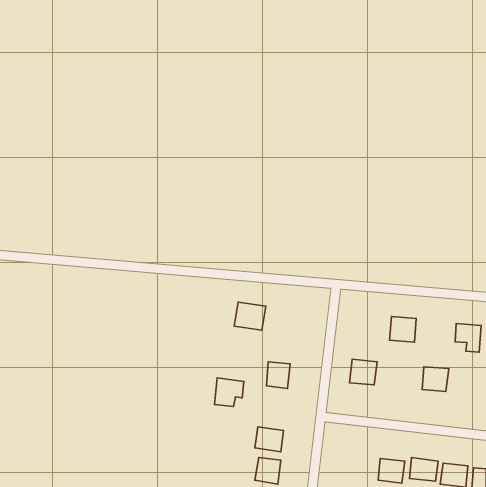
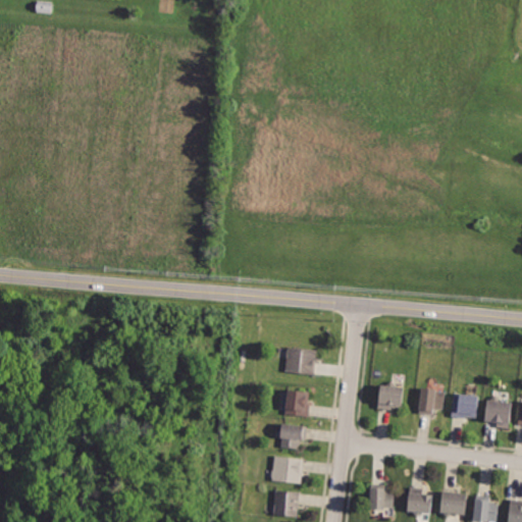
building: [234,302,266,330] -> [284,347,318,376]
building: [390,316,416,342] -> [416,386,445,414]
building: [455,324,481,352] -> [483,399,511,429]
building: [214,378,244,406] -> [277,420,309,451]
building: none -> [365,485,396,511]

